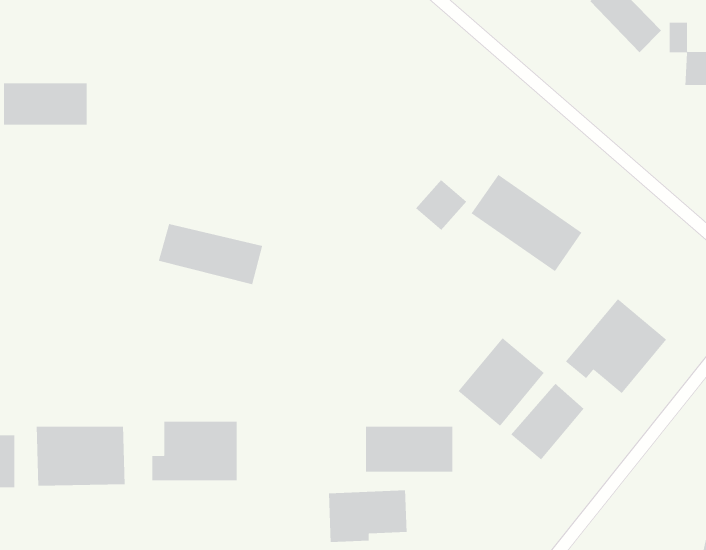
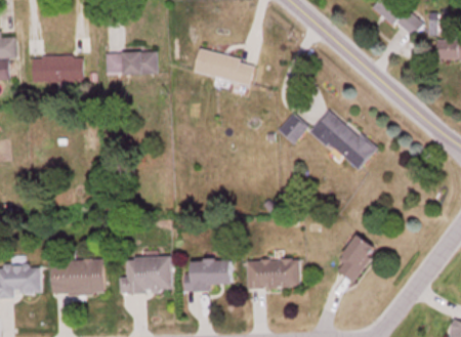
building: none -> [104,24,156,75]
building: [158,223,263,285] -> [193,48,255,85]
building: [565,298,667,394] -> none
building: [458,337,545,427] -> none
building: [328,489,407,543] -> [185,258,233,290]

